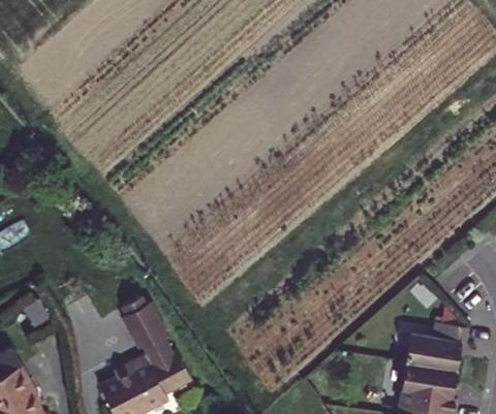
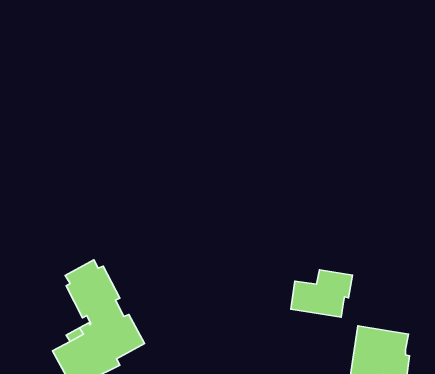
building: [406,324,468,372] -> [291,270,353,317]

